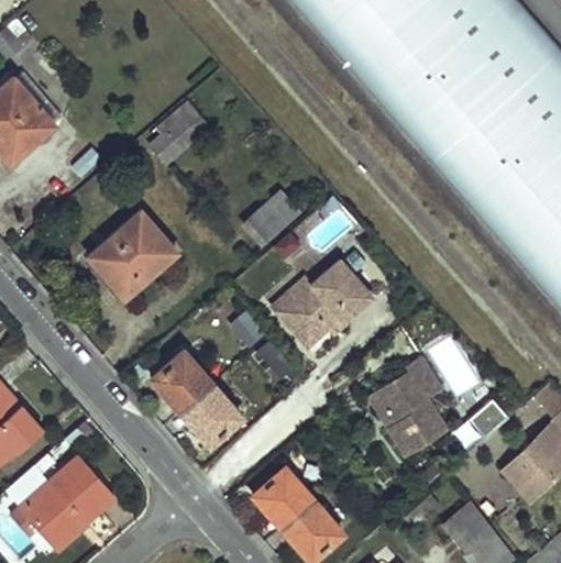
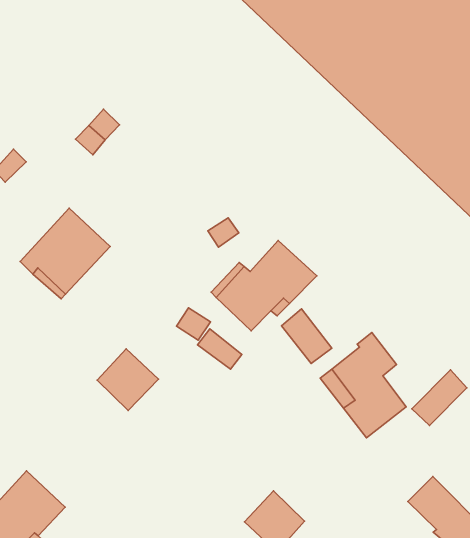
building: [242,192,296,244] -> none
building: none -> [281,309,332,364]
building: [179,382,241,444] -> none
building: [253,466,312,527] -> none

